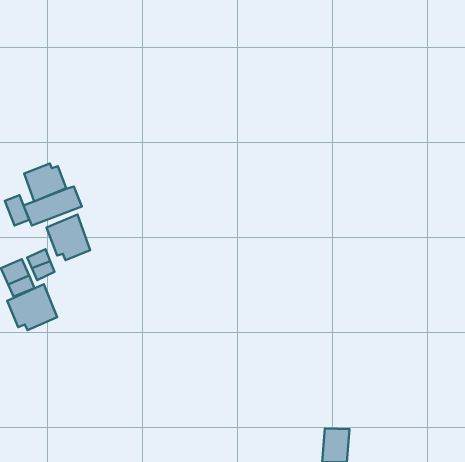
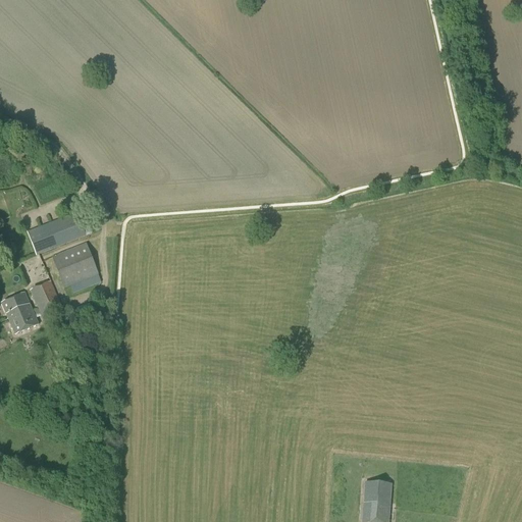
building: [24,164,66,201] -> none
building: [5,195,29,226] -> none
building: [7,284,57,330] -> none

